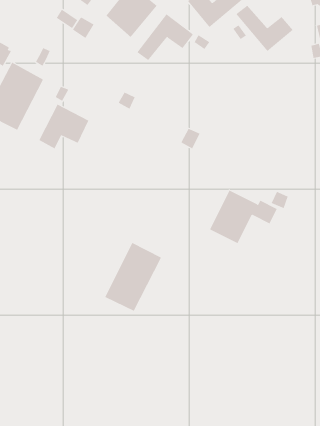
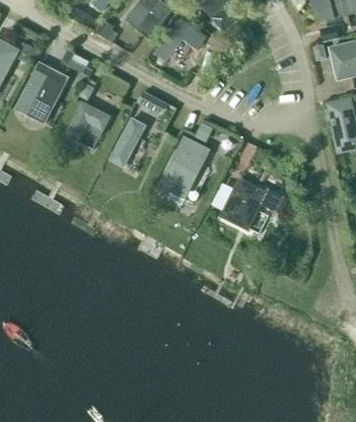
building: [236,5,293,52] -> none
building: none -> [109,116,146,166]
building: [104,242,162,312] -> [158,134,211,198]

